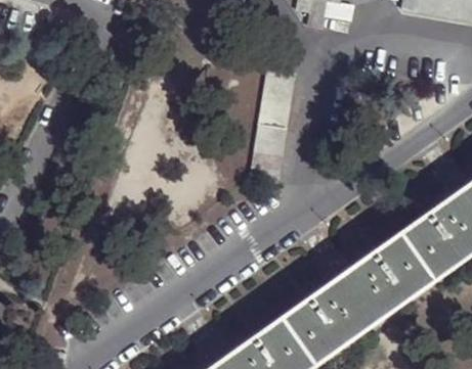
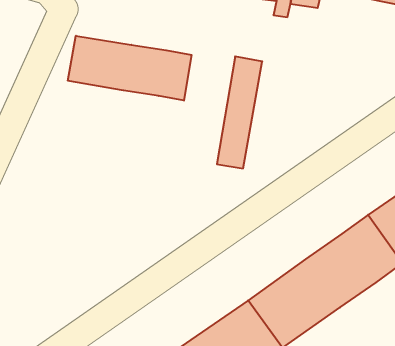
building: none -> [68,36,192,101]

